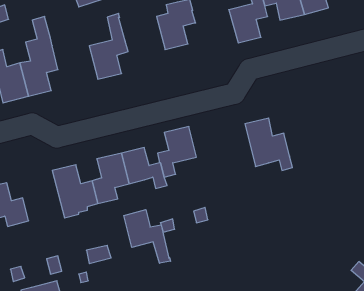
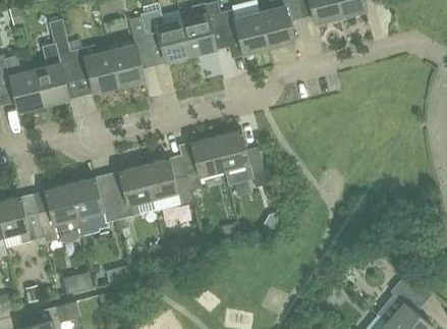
building: none -> [139,10,190,62]
building: none -> [219,10,269,55]
building: none -> [69,45,118,94]
building: [245,118,292,170] -> [216,131,267,187]
building: none -> [38,184,82,242]
building: [124,210,171,263] -> none

